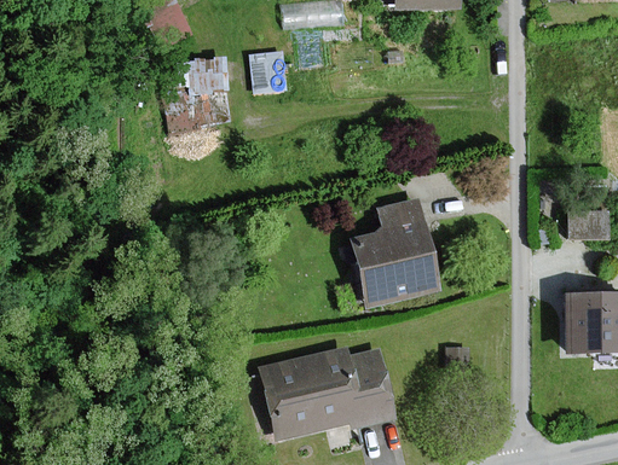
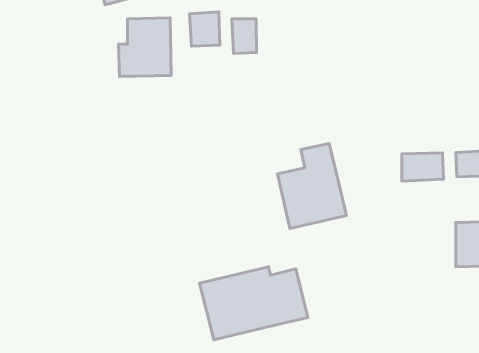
building: none -> [232,19,257,53]
building: none -> [402,153,444,181]

